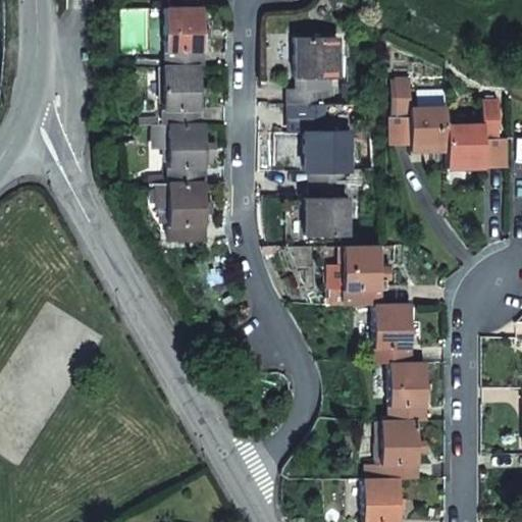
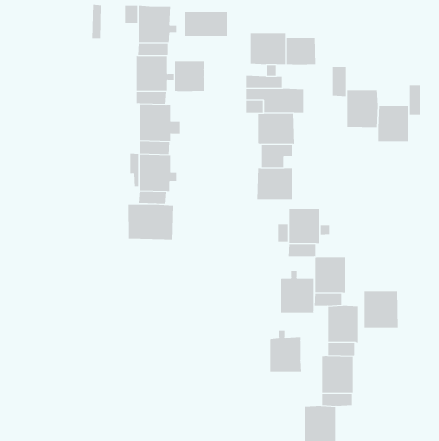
building: none -> [184,11,228,37]
building: none -> [286,37,316,65]
building: none -> [175,60,204,92]
building: none -> [128,204,173,241]
building: none -> [281,270,314,313]
building: none -> [364,290,398,329]
building: none -> [270,330,302,373]

